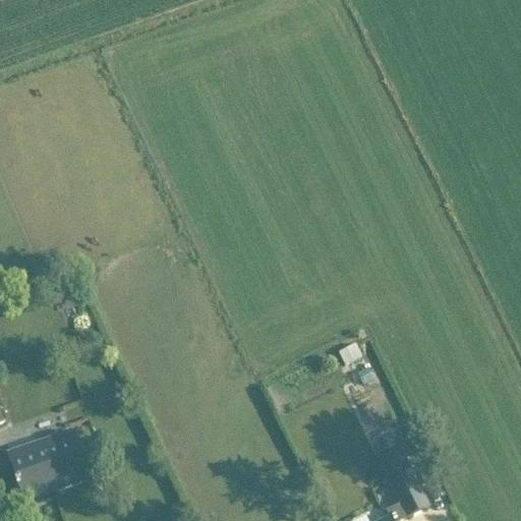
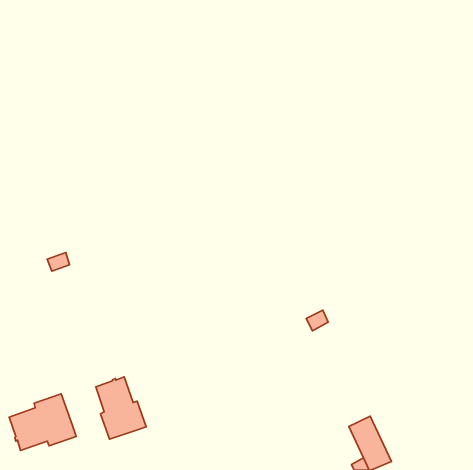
building: none -> [96,377,146,439]

